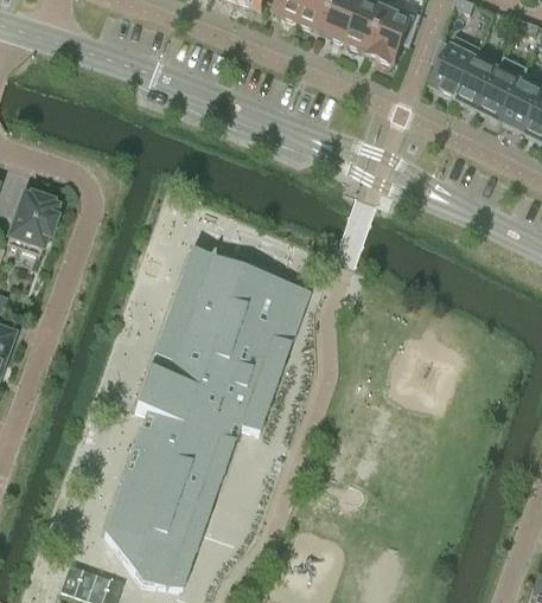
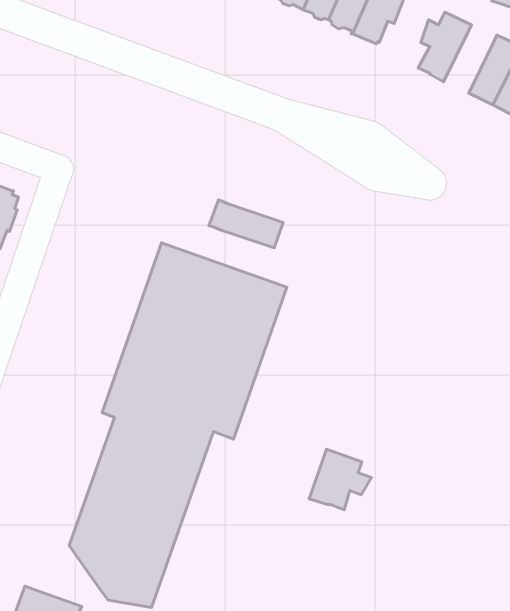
building: [457,51,503,108] -> none
building: none -> [209,200,283,248]
building: none -> [309,449,372,510]

